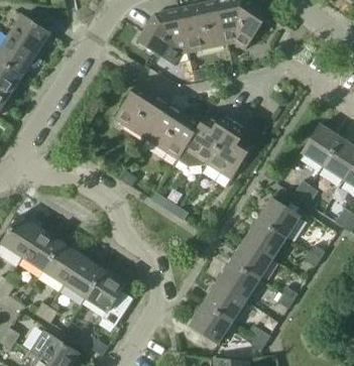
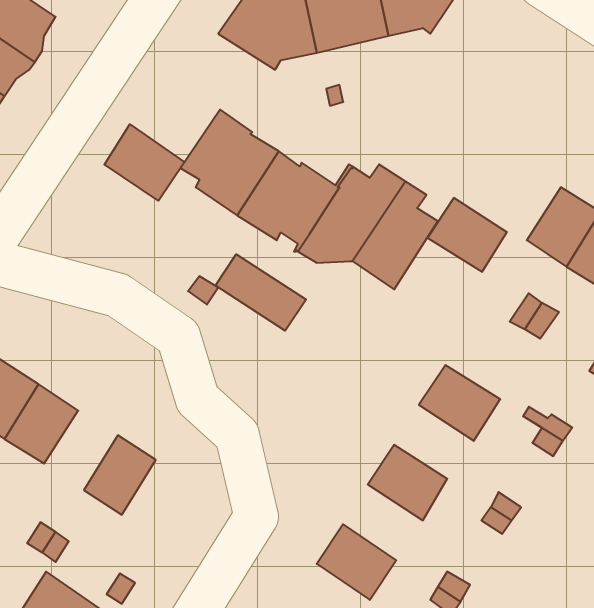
building: none -> [104,124,185,201]
building: none -> [215,254,306,331]
building: [257,198,300,237] -> [427,198,507,272]
building: [230,240,272,279] -> none
building: [43,243,83,285] -> none
building: [85,269,133,327] -> none
building: [203,282,245,323] -> none

